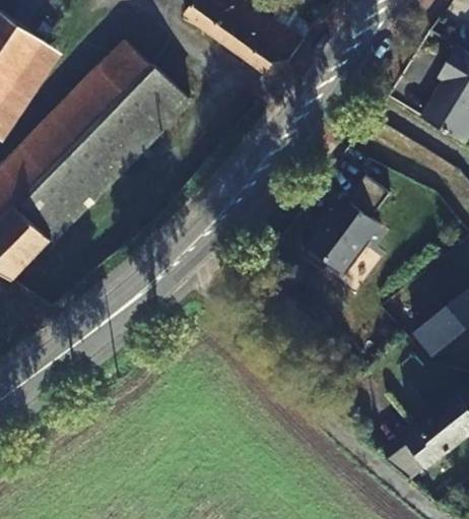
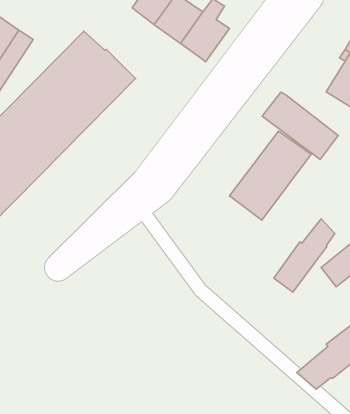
building: none -> [262,92,338,160]
building: none -> [274,219,335,292]

